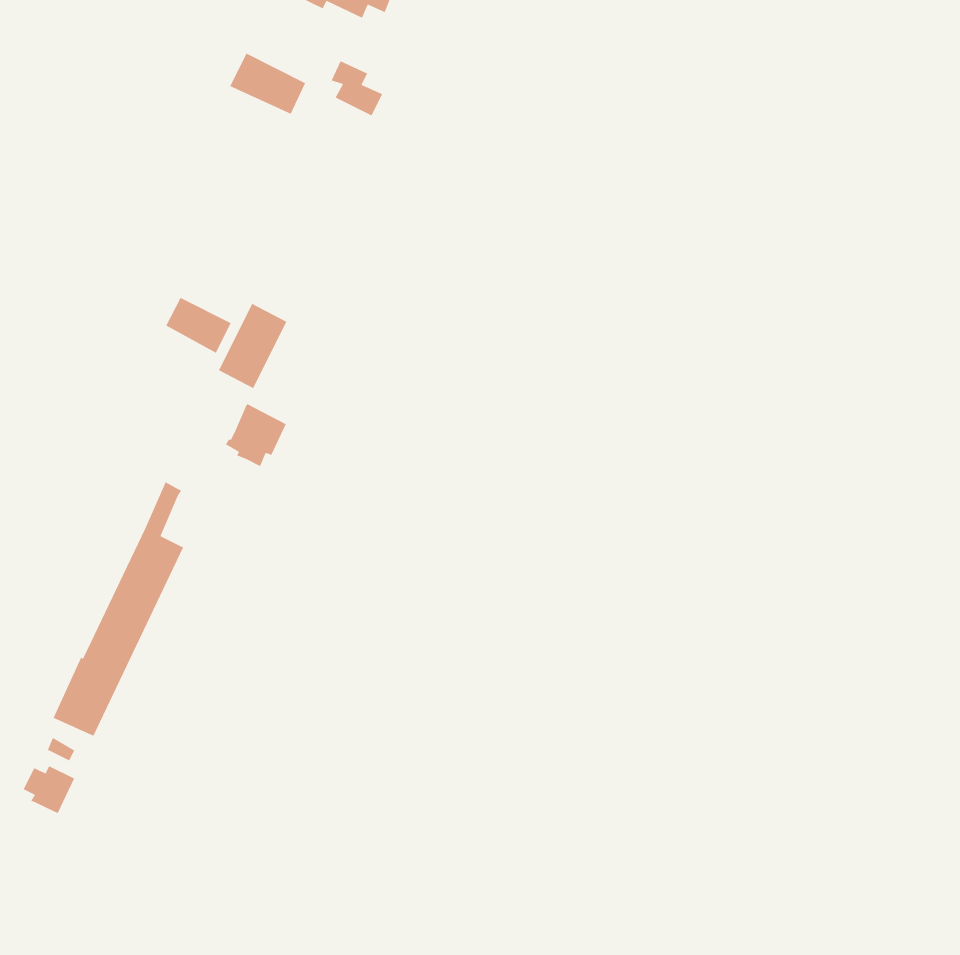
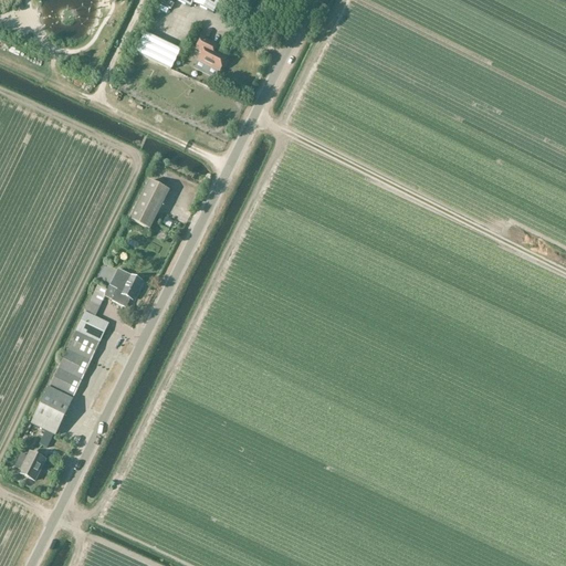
building: [165,297,232,354] -> none
building: [225,403,287,467] -> [105,268,142,305]

